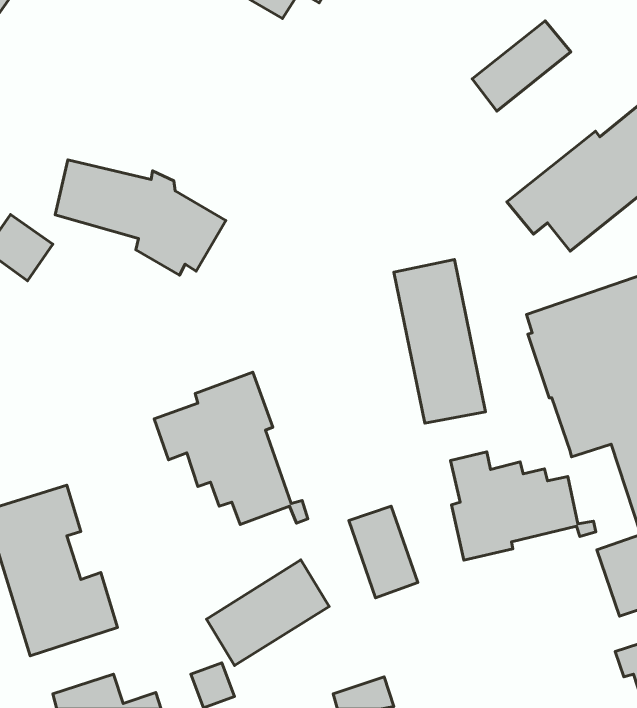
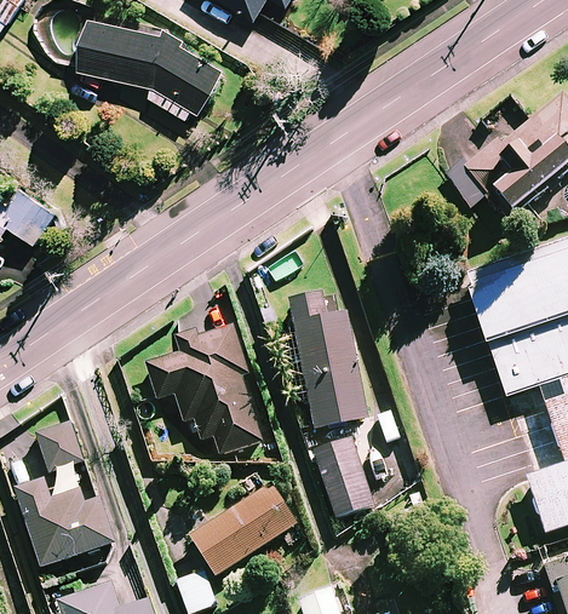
building: [472,21,571,111] -> none
building: [55,160,226,275] -> [80,19,226,119]
building: [394,259,485,423] -> [288,288,367,429]
building: [451,452,596,560] -> none

